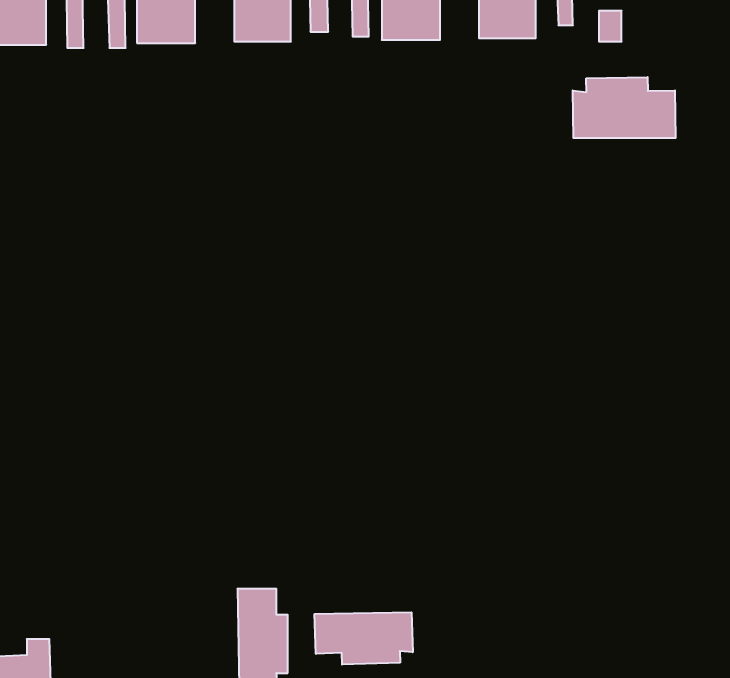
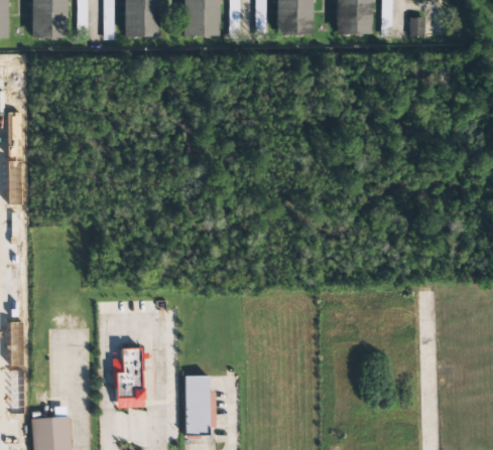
building: [573,77,676,138] -> none
building: none -> [115,347,143,408]
building: [315,612,413,665] -> none

